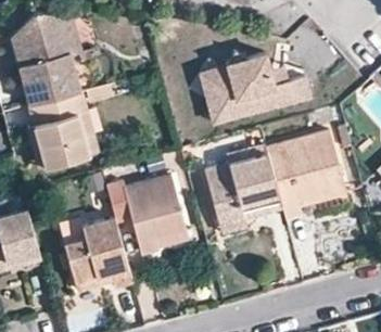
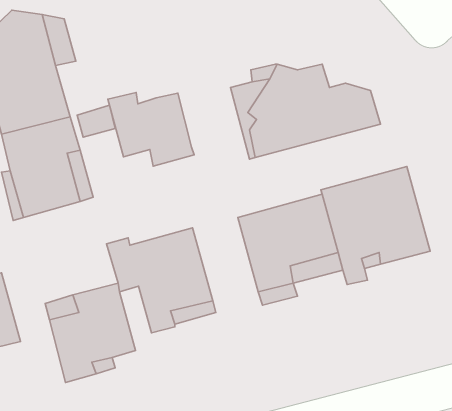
building: none -> [108,92,194,166]

